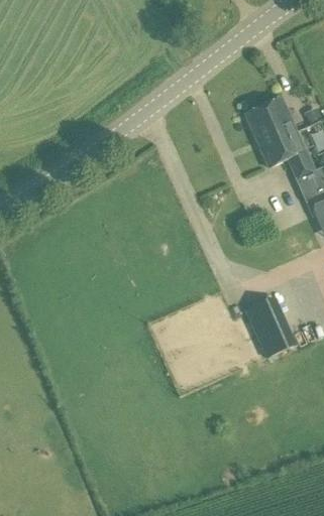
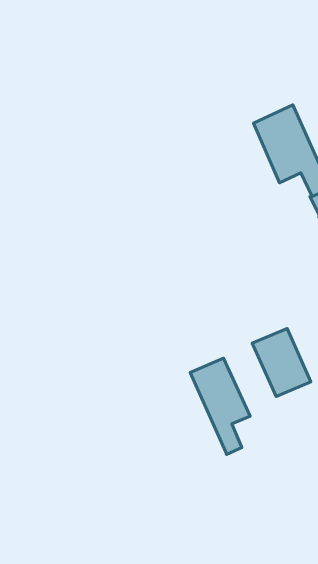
building: none -> [190,358,250,454]

